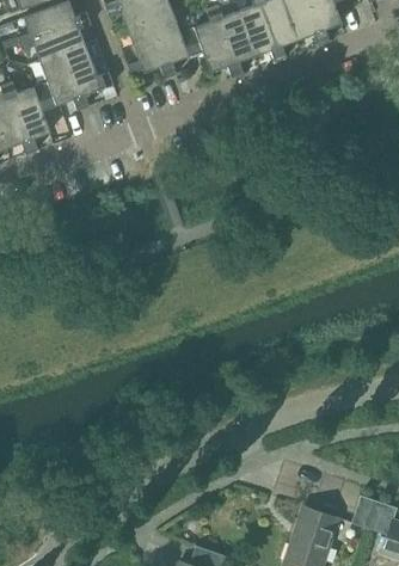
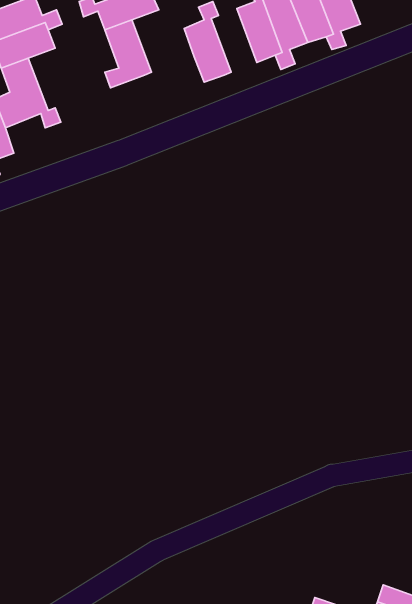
building: [216,10,254,76] -> none
building: [149,11,202,78] -> none
building: [62,43,113,96] -> none

